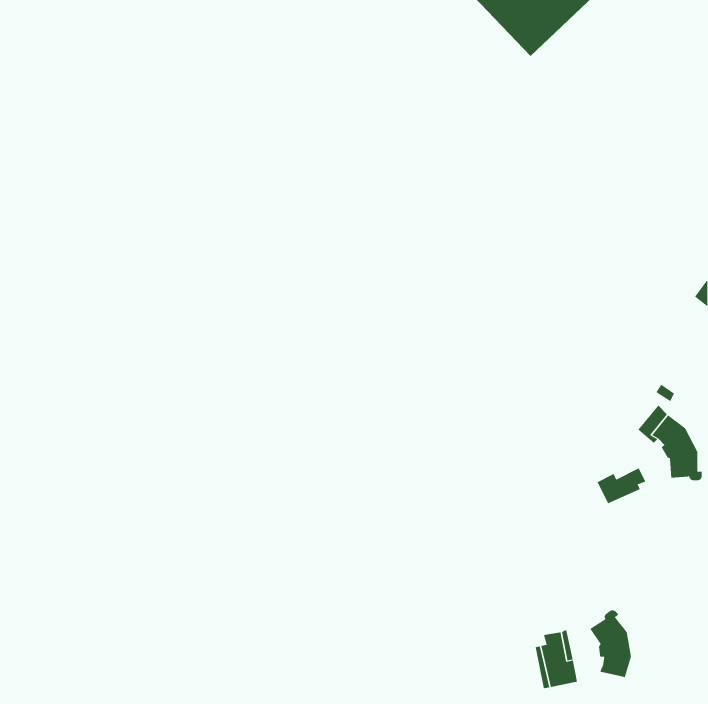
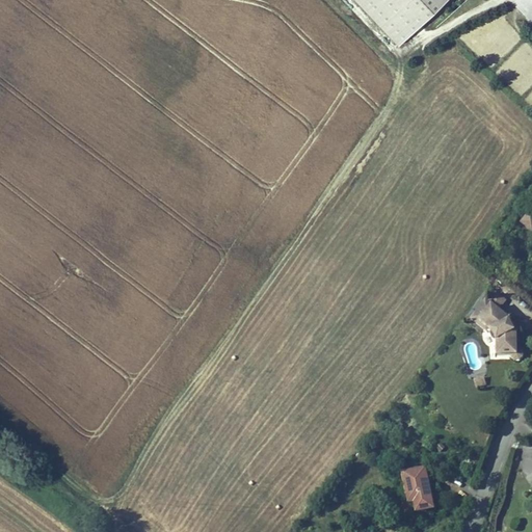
building: [597,468,646,504] -> none
building: [589,609,631,678] -> none

